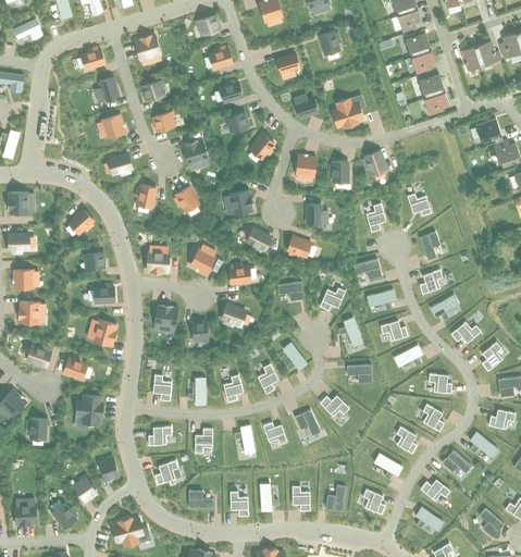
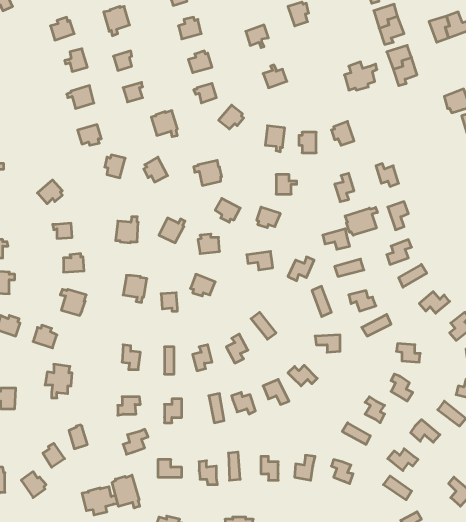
building: [332,98,364,126] -> [344,62,377,90]
building: none -> [345,207,377,235]
building: none -> [112,475,140,508]

